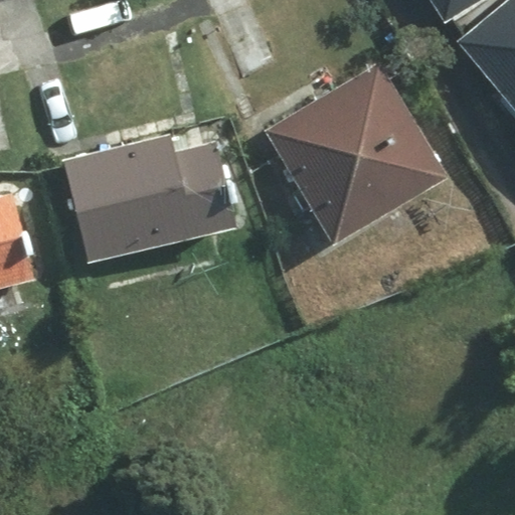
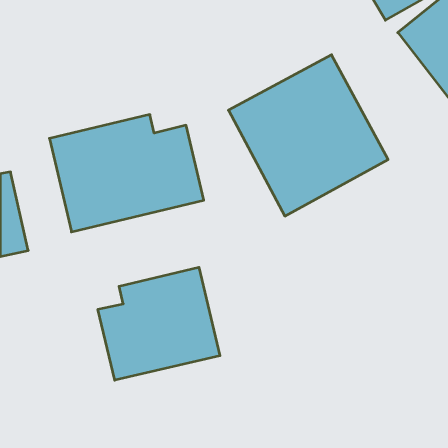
building: none -> [98,267,220,380]

